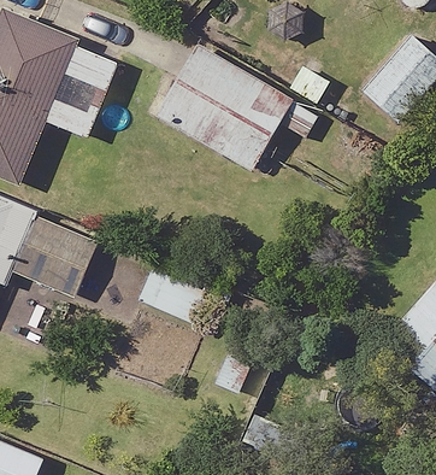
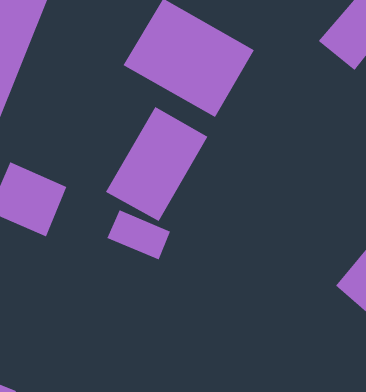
building: none -> [105,106,208,222]

